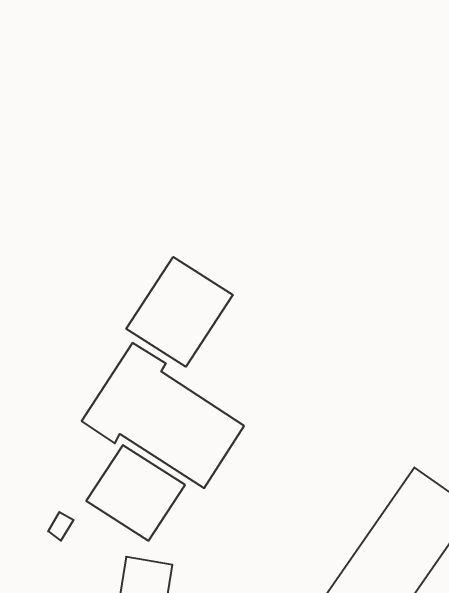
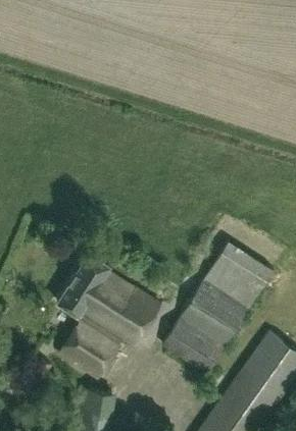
building: [126,257,233,367] -> none
building: none -> [161,243,274,375]

